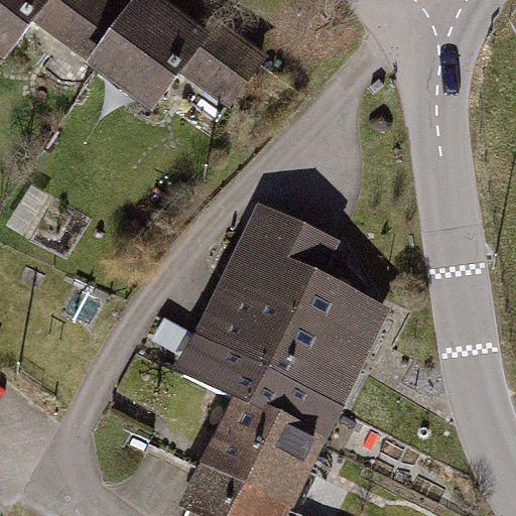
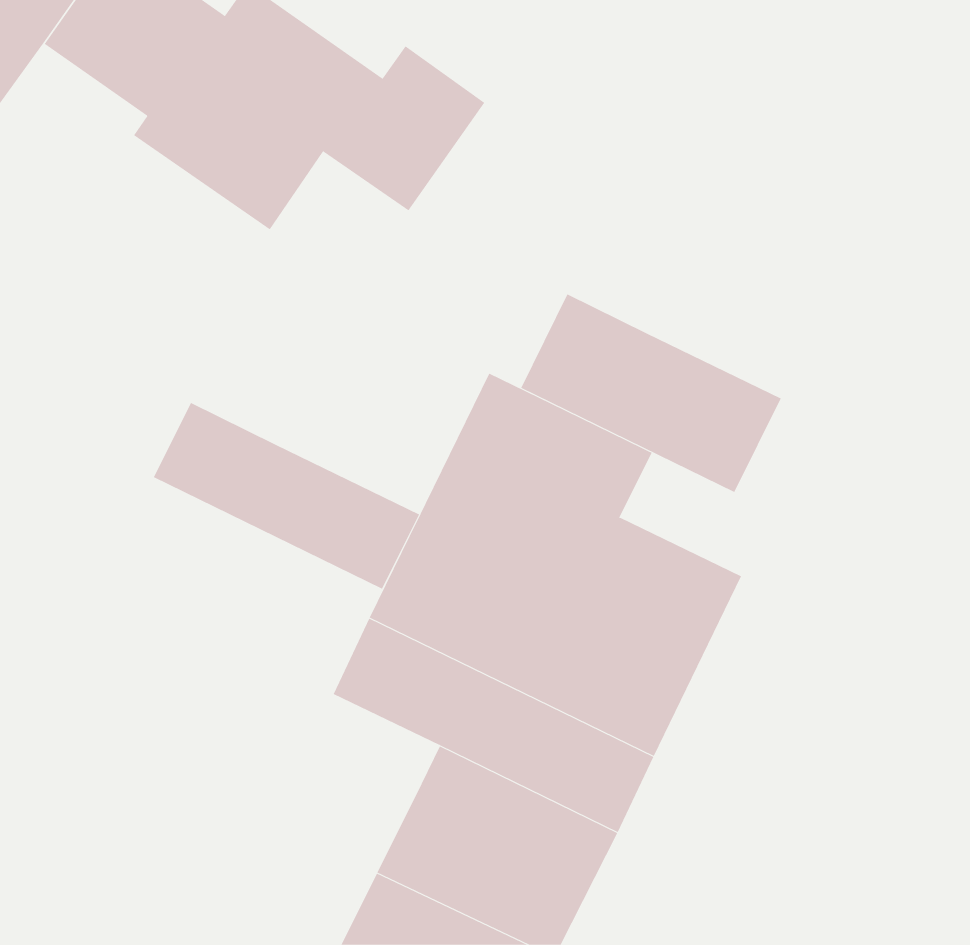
building: none -> [520,293,782,493]
building: none -> [153,402,420,589]

